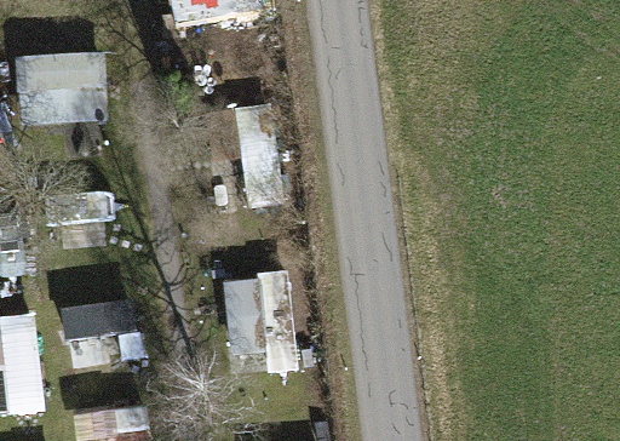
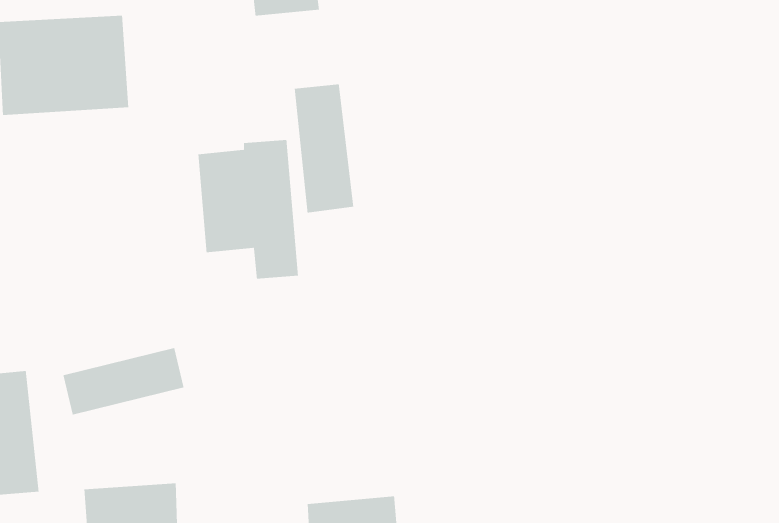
building: [222,270,297,374] -> [198,139,299,279]

